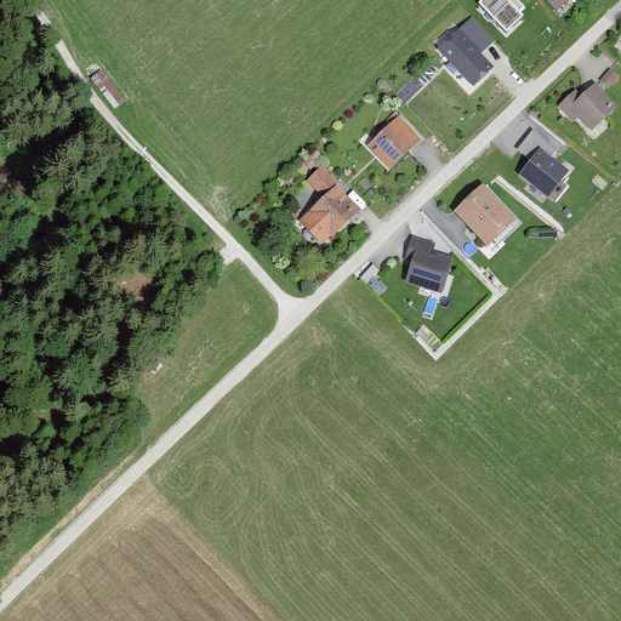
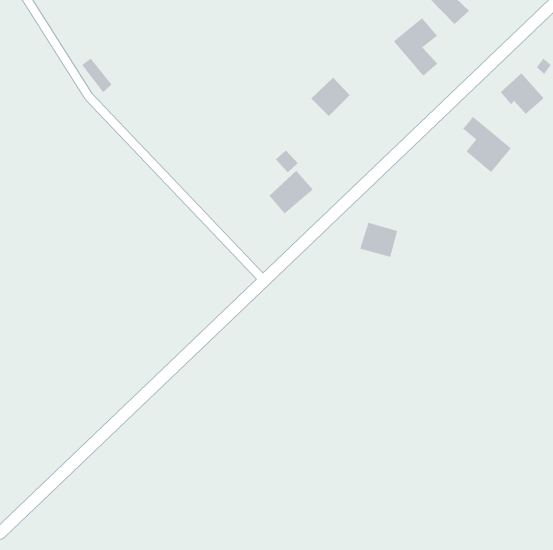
building: [369,118,414,163] -> [310,77,351,117]
building: [455,188,513,246] -> none

